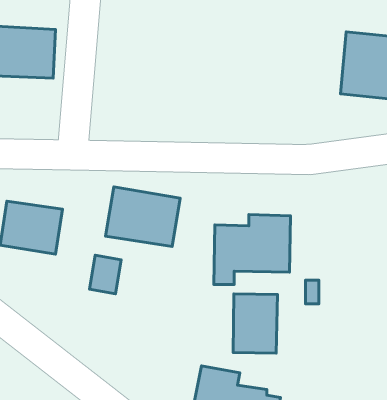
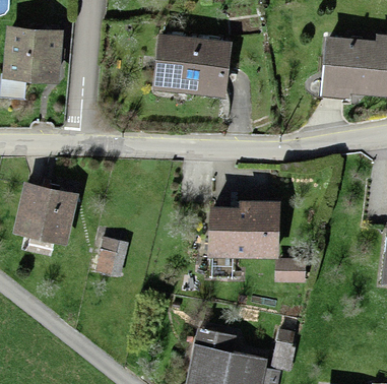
building: none -> [153,38,225,90]
building: [106,187,180,247] -> none
building: [233,294,278,353] -> none

